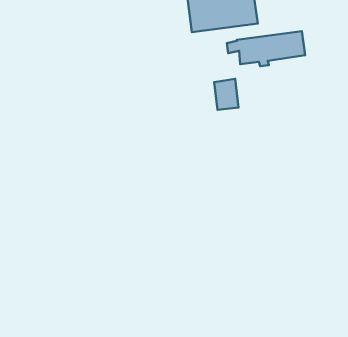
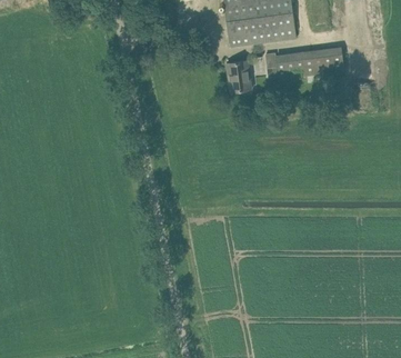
building: [214,79,238,110] -> [225,59,250,90]

